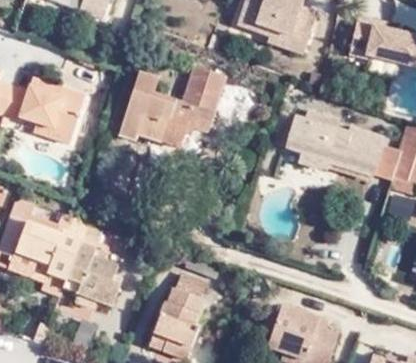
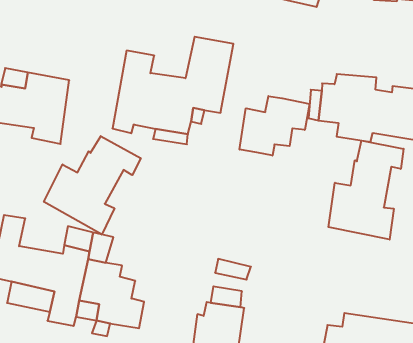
building: none -> [240,96,310,156]
building: none -> [44,136,141,235]
building: none -> [328,141,404,240]

